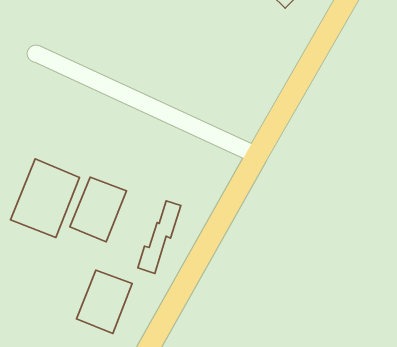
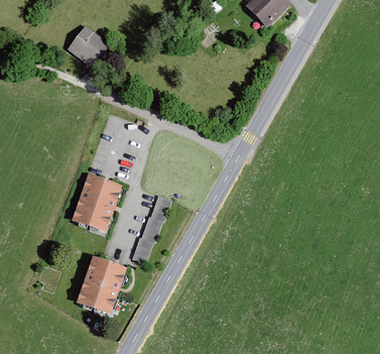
building: none -> [70,27,112,69]
building: [10,159,80,237] -> none

